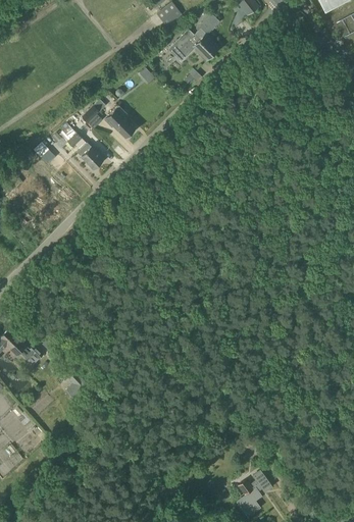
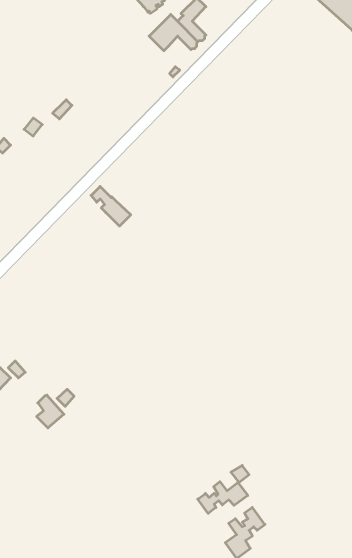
building: [105,105,135,138] -> none
building: [68,134,104,169] -> [91,186,131,226]
building: none -> [198,482,248,513]

